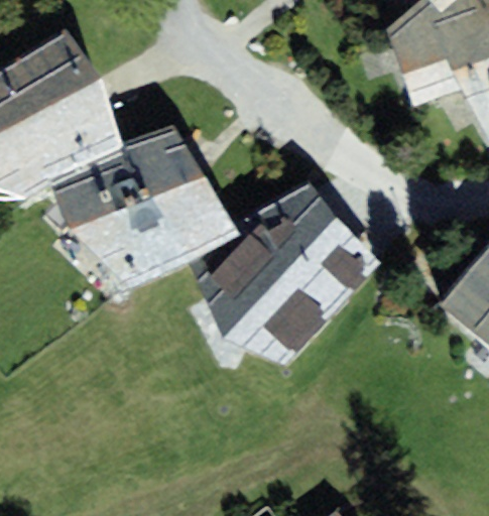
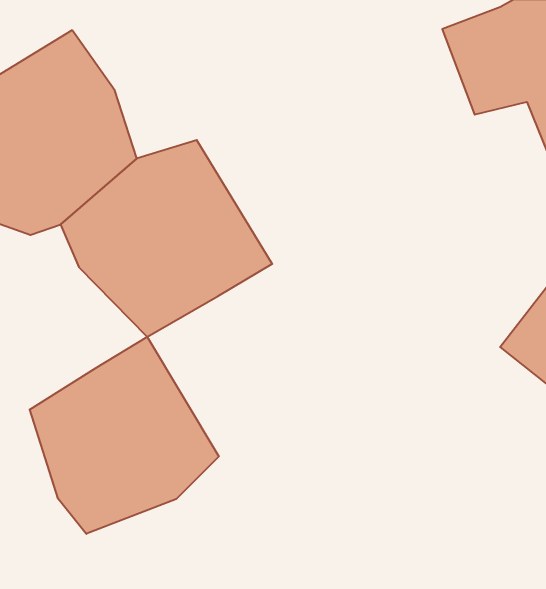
building: [193,198,368,364] -> none
building: none -> [30,337,219,534]

